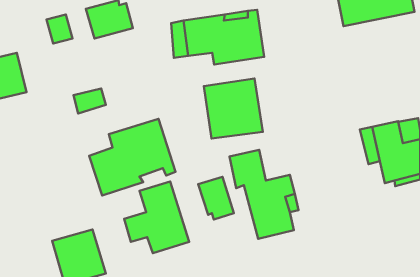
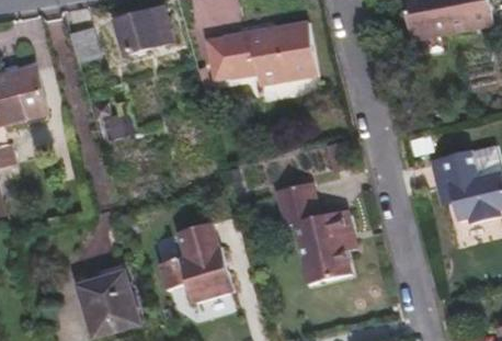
building: [204,78,263,138] -> none
building: [89,119,176,196] -> none
building: [198,177,234,220] -> none

